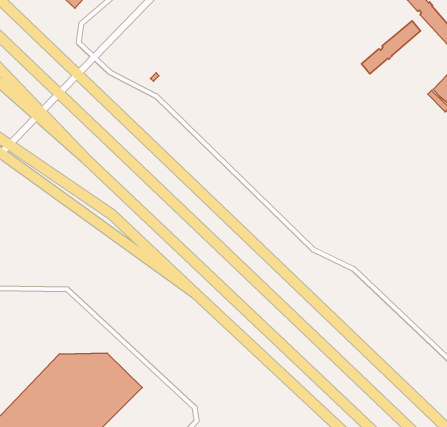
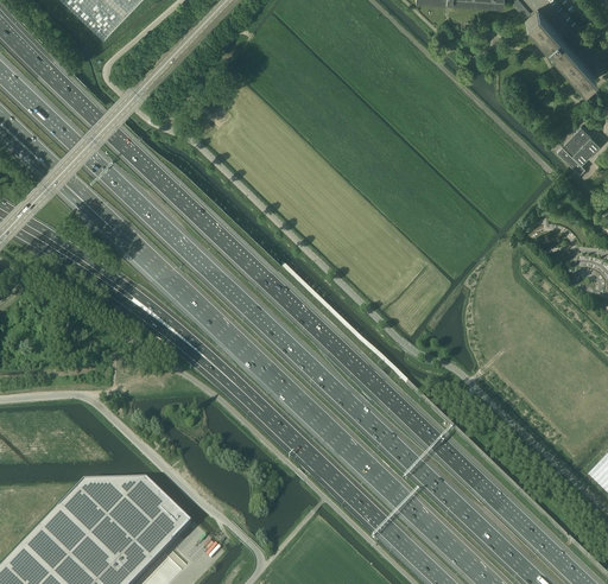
building: [361,21,420,74] -> none

